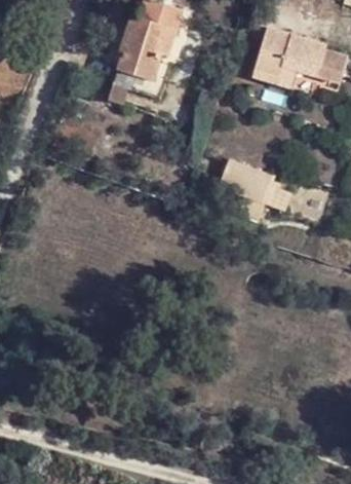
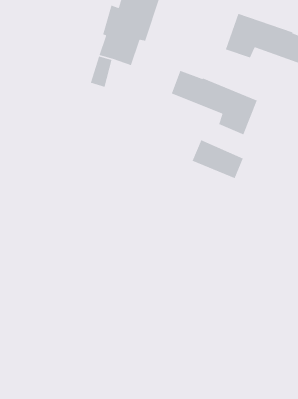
building: none -> [171,70,258,135]

